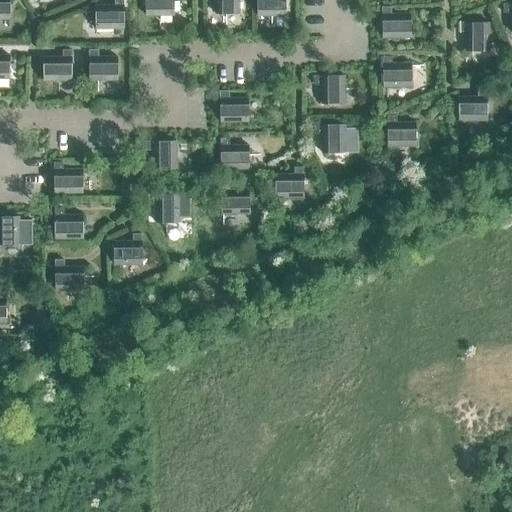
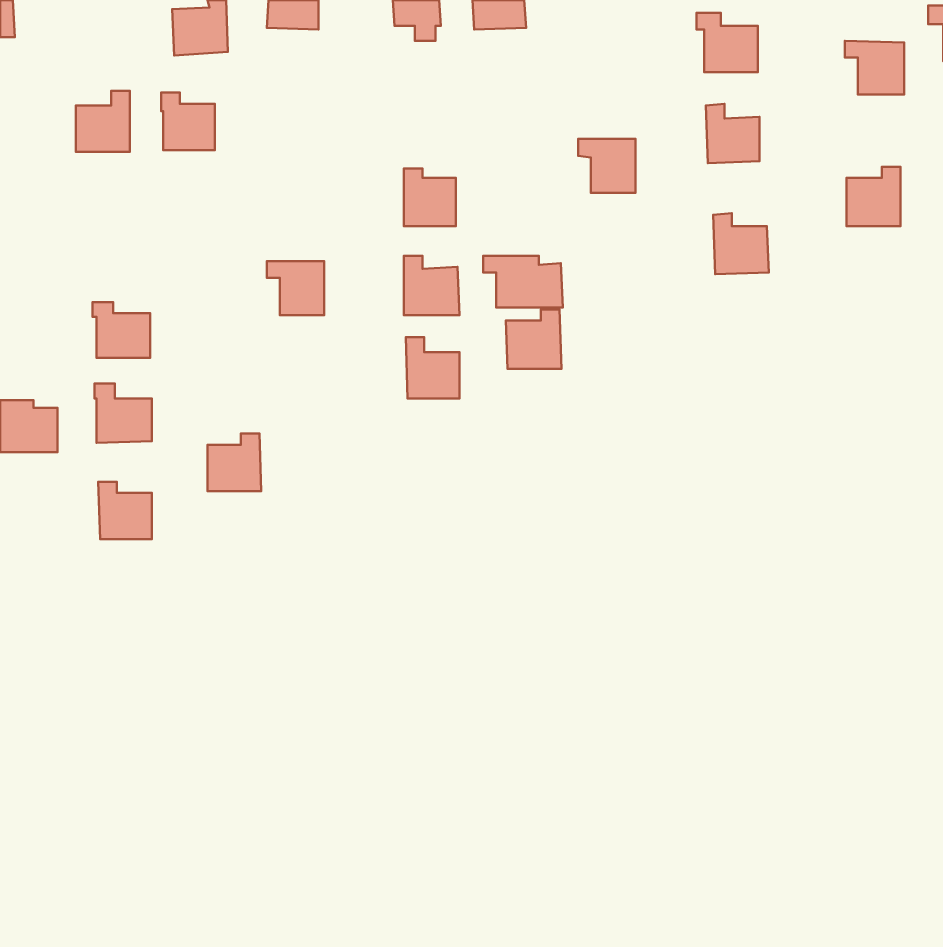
building: [316,124,359,152] -> [483,256,563,308]
building: [150,194,190,223] -> none

